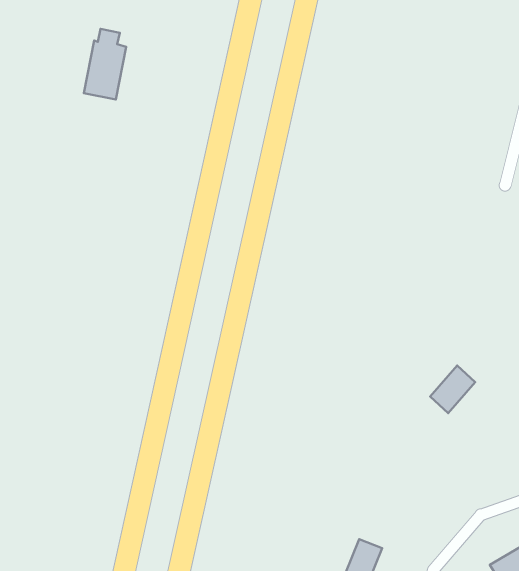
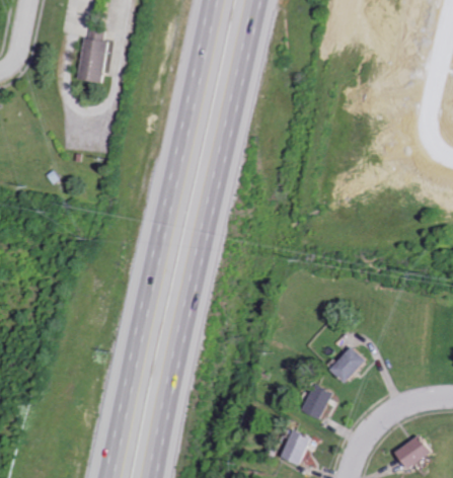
building: [430,366,475,413] -> [331,346,367,384]
building: none -> [303,385,331,419]

